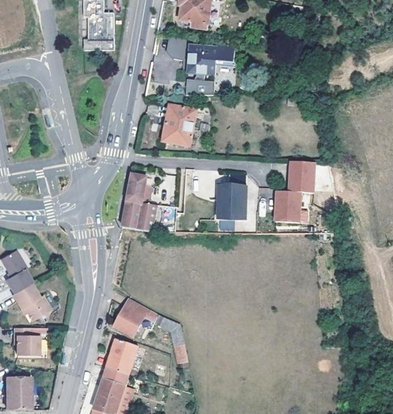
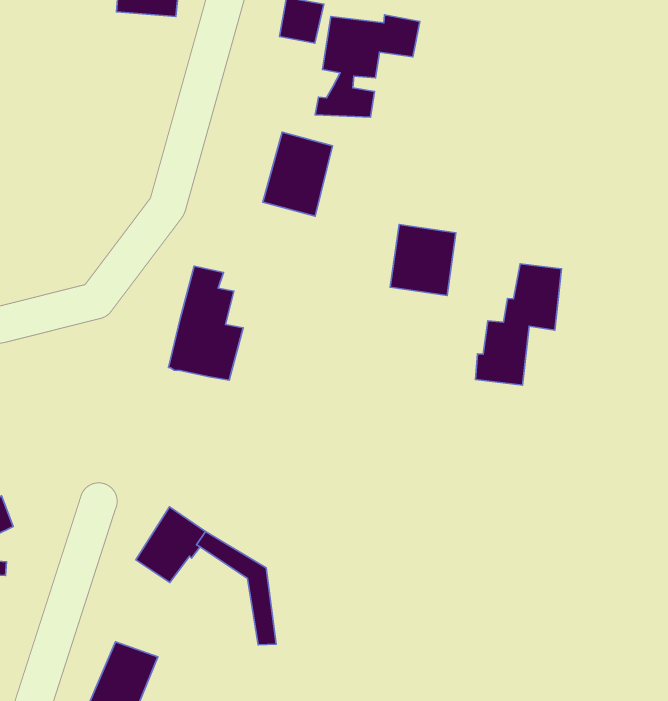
building: [217,188,248,222] -> [390,224,456,296]
building: [106,338,136,373] -> none

